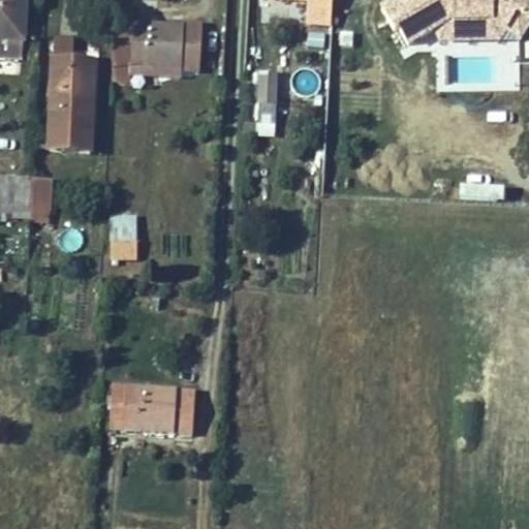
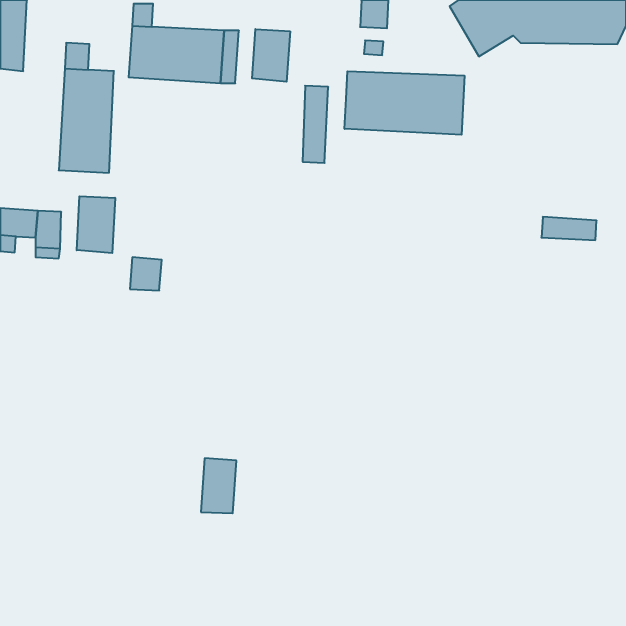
building: none -> [252,29,290,82]
building: none -> [345,71,464,135]
building: none -> [77,196,115,253]
building: [113,382,173,432] -> none

